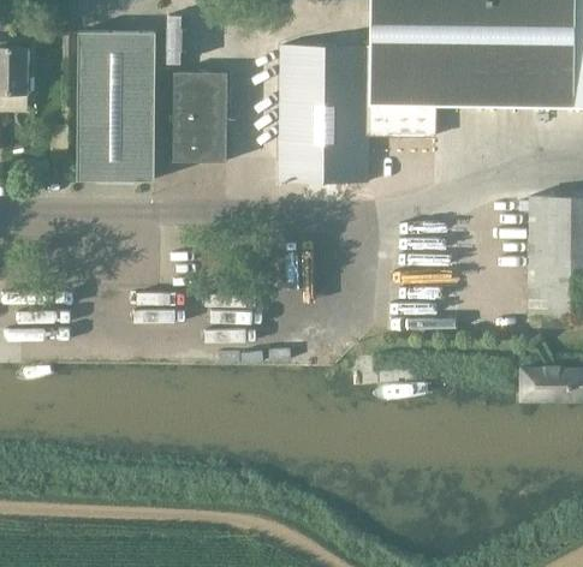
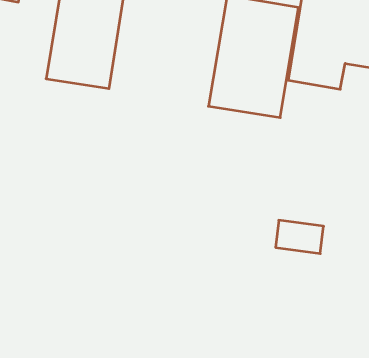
building: [173,72,227,162] -> none

